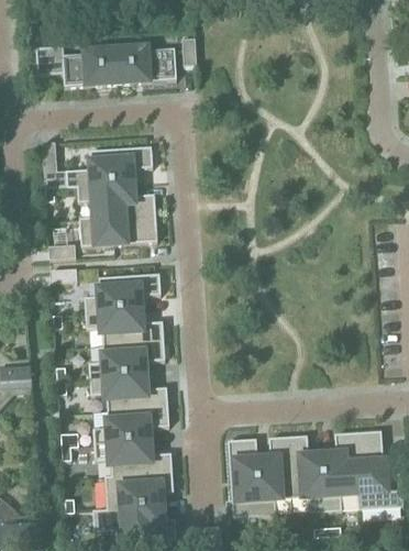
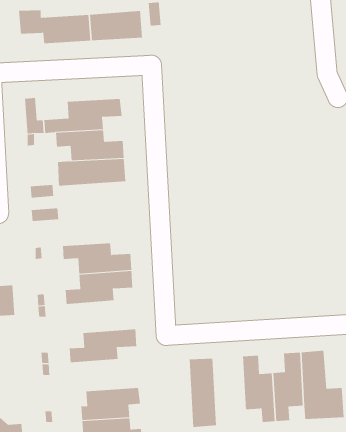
building: [82,273,159,312] -> none
building: [88,374,167,410] -> none
building: [255,437,290,515] -> none
building: [92,440,170,476] -> none

